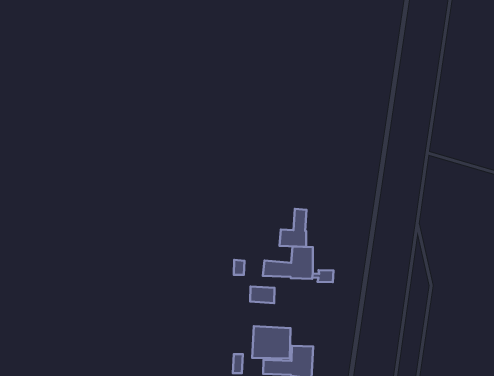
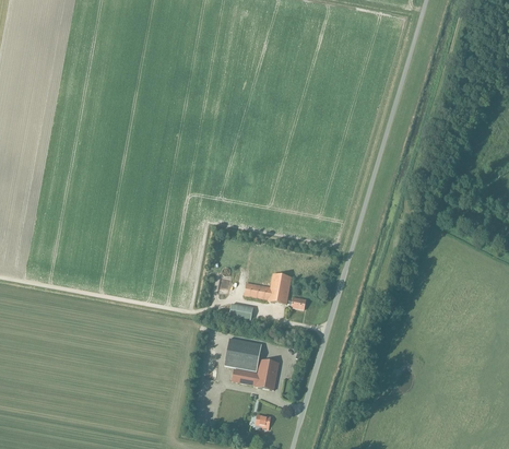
building: [280,209,306,247] -> none

